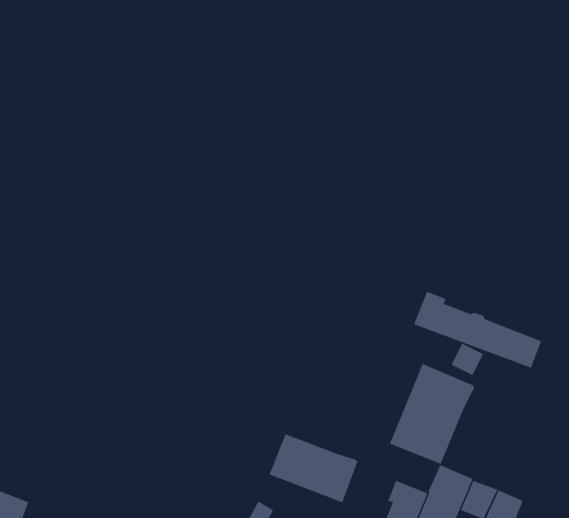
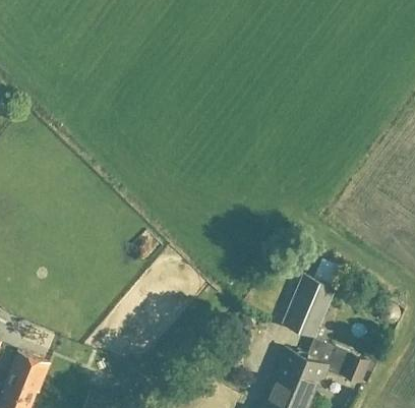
building: [413,291,542,369] -> none
building: [269,434,358,503] -> none

